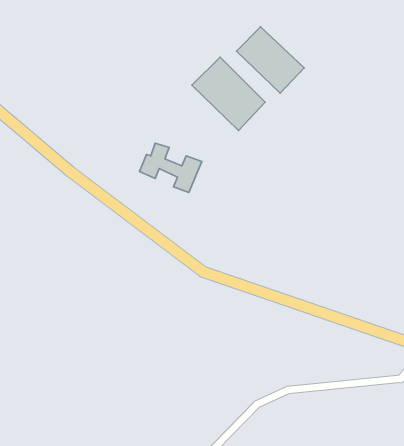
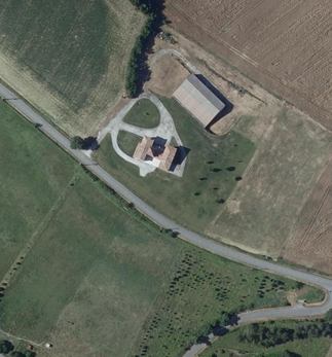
building: [237,27,304,93] -> none

